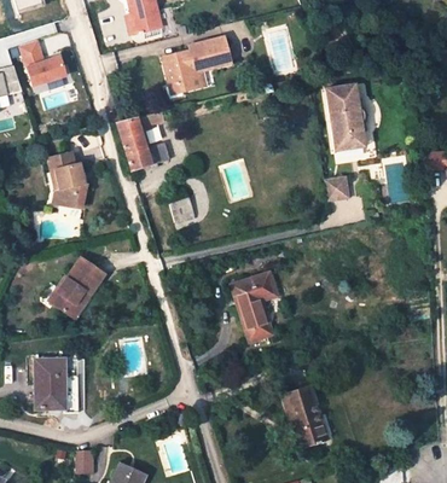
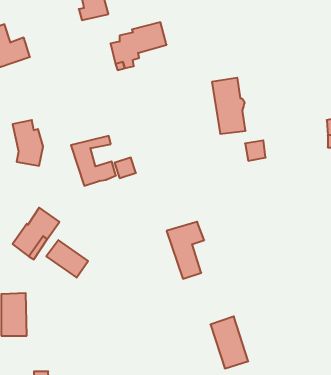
building: [325,83,365,150] -> [212,78,246,134]
building: [116,111,169,170] -> [71,136,116,186]
building: none -> [46,240,88,278]

